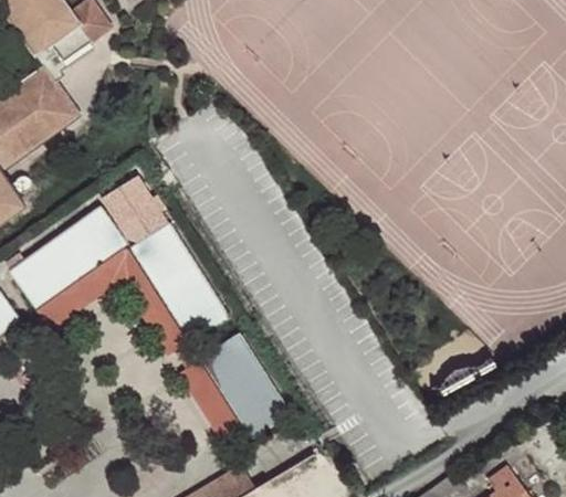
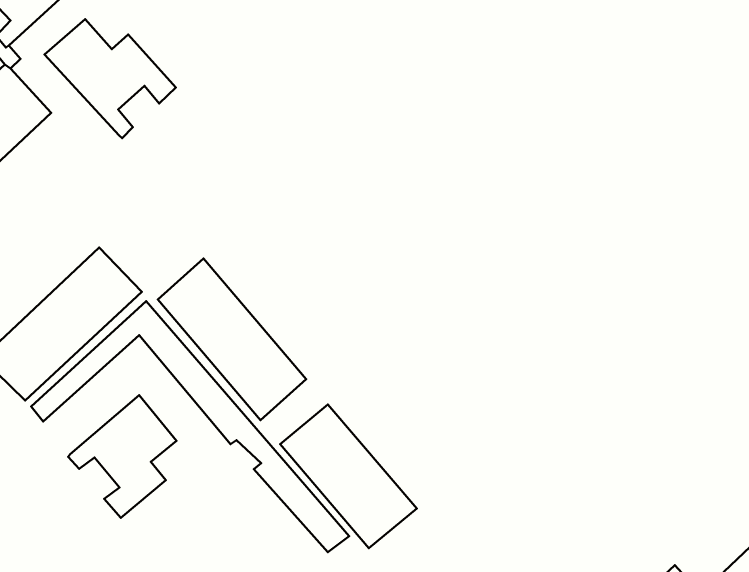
building: none -> [44,19,176,138]
building: [102,179,168,244] -> none
building: none -> [68,395,176,518]

